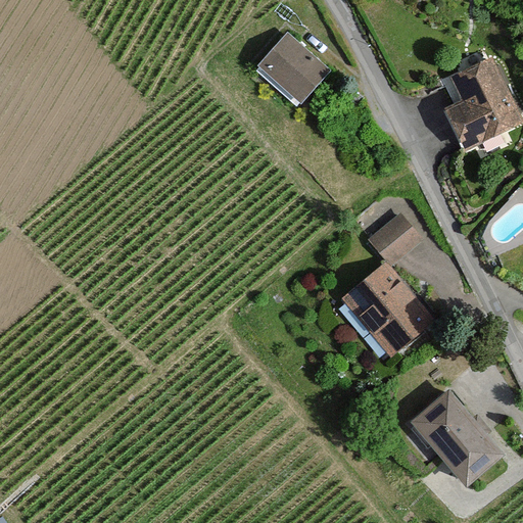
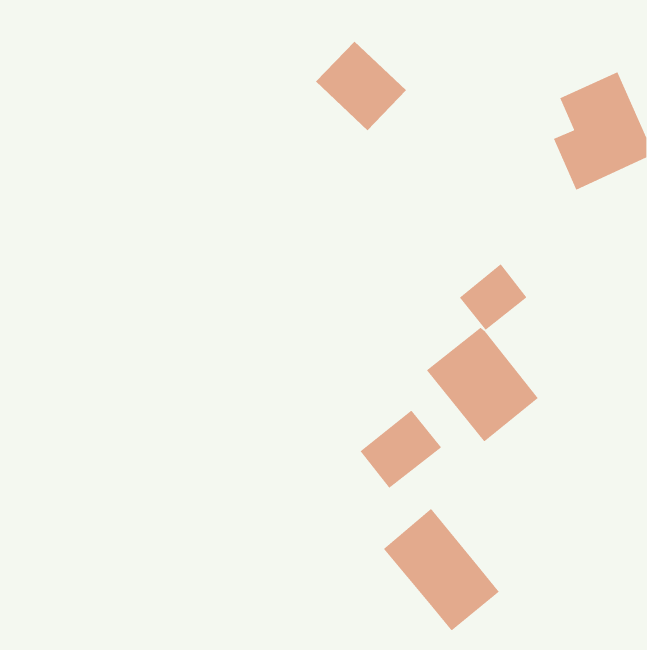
building: none -> [360,410,442,489]
building: [408,389,502,488] -> [383,508,500,631]

